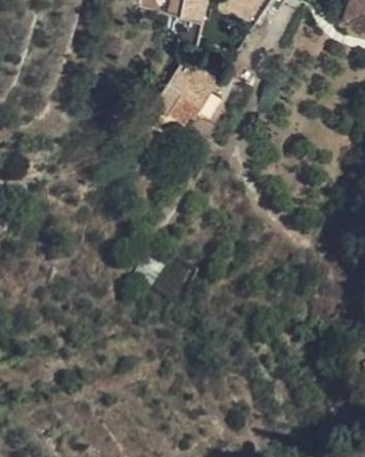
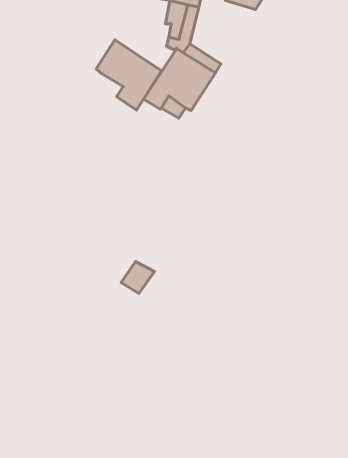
building: none -> [96,40,162,110]

